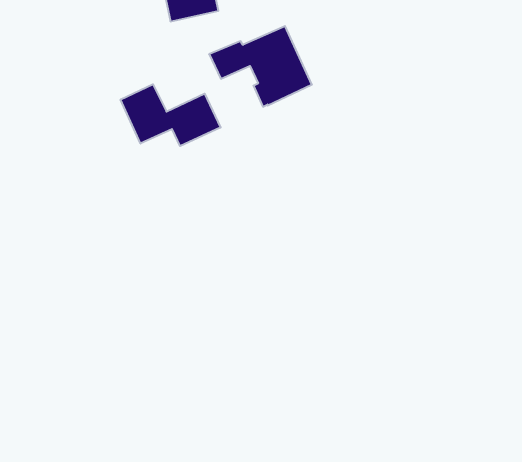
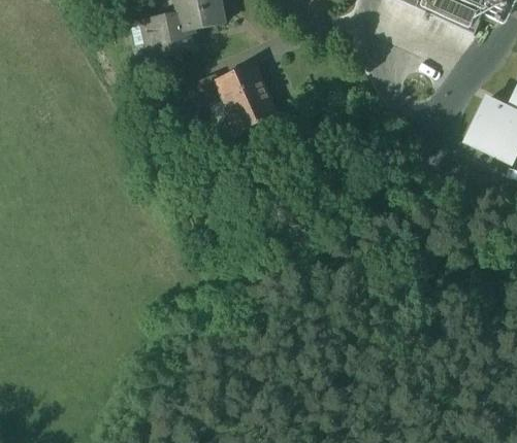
building: [121,84,221,146] -> none

